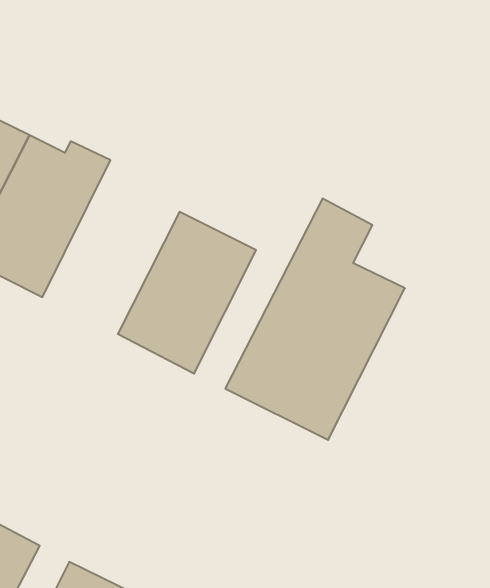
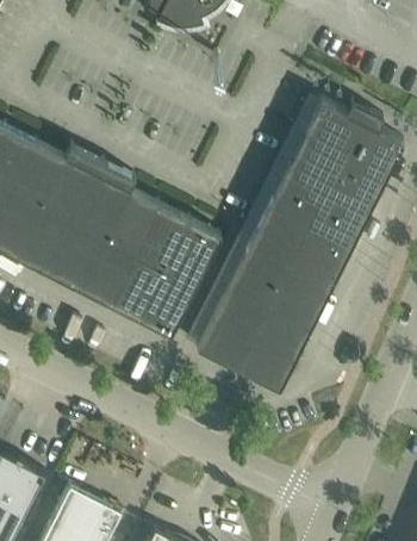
building: none -> [274,101,404,266]
building: none -> [48,162,158,303]

